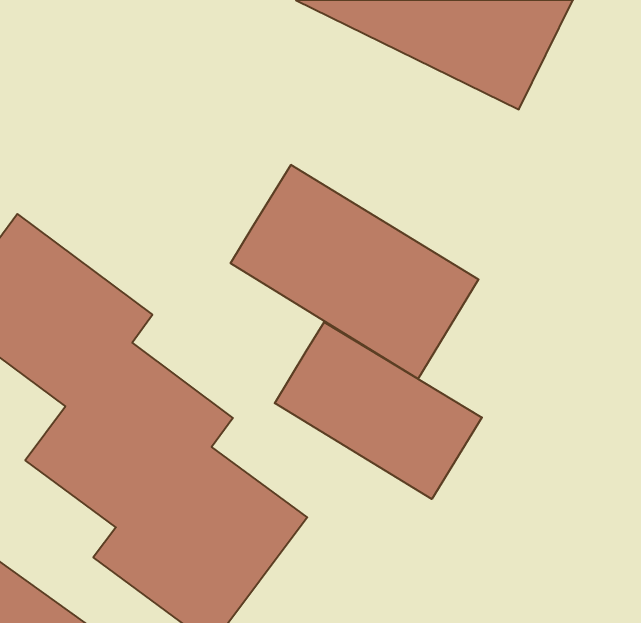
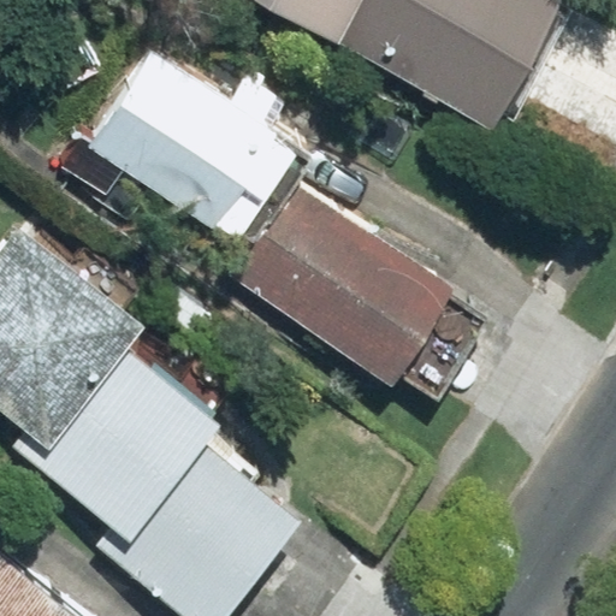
building: none -> [85,45,297,237]
building: [275,322,482,499] -> none

